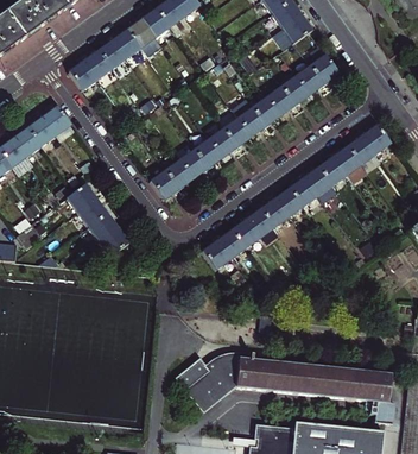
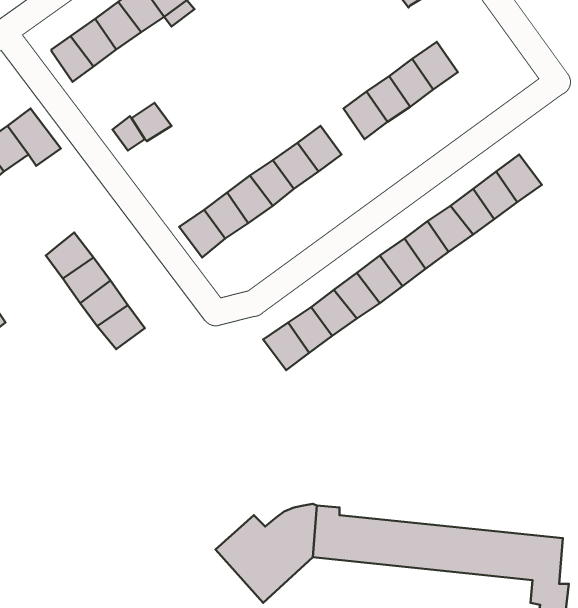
building: [310,46,338,83] -> none
building: [233,97,266,134] -> none
building: [362,124,392,160] -> none

